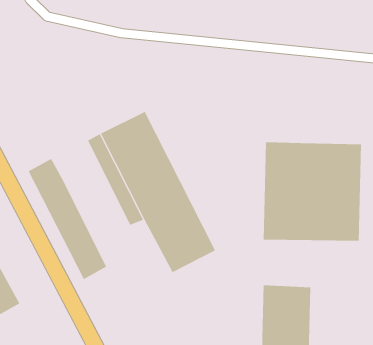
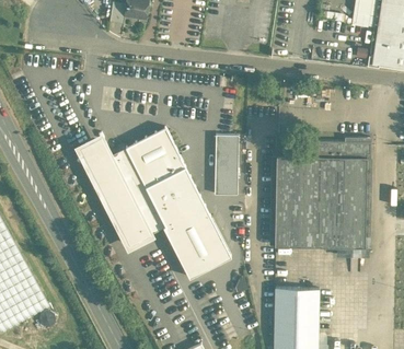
building: none -> [215,136,238,195]
building: none -> [311,139,371,159]
building: [28,158,107,280] -> [78,133,151,246]

